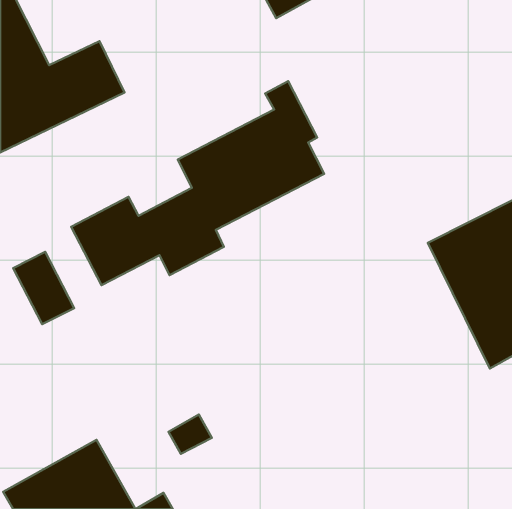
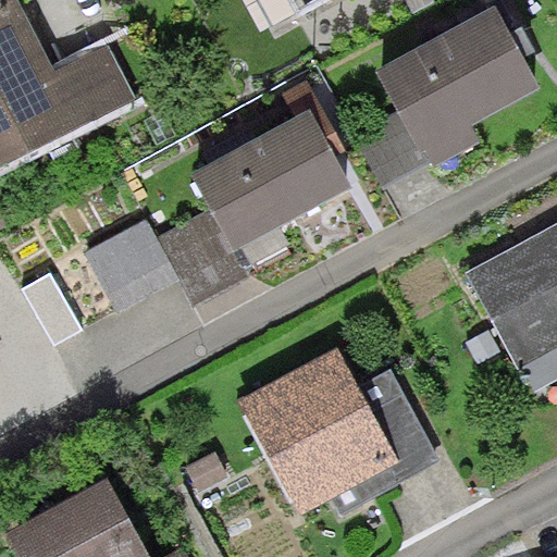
building: none -> [352,9,536,193]
building: none -> [238,348,435,513]

